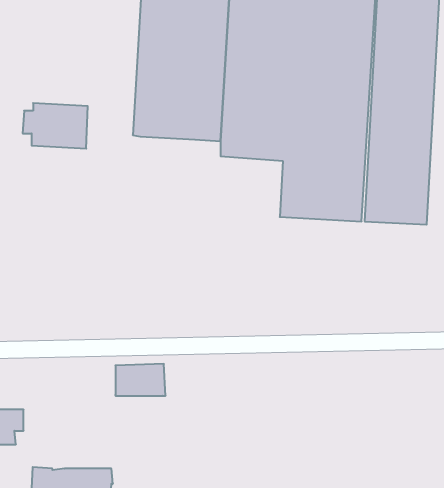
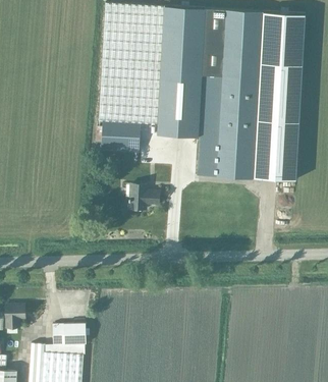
building: [23,103,88,149] -> [97,122,141,153]
building: none -> [129,183,160,210]
building: [115,364,166,396] -> [53,324,87,345]

